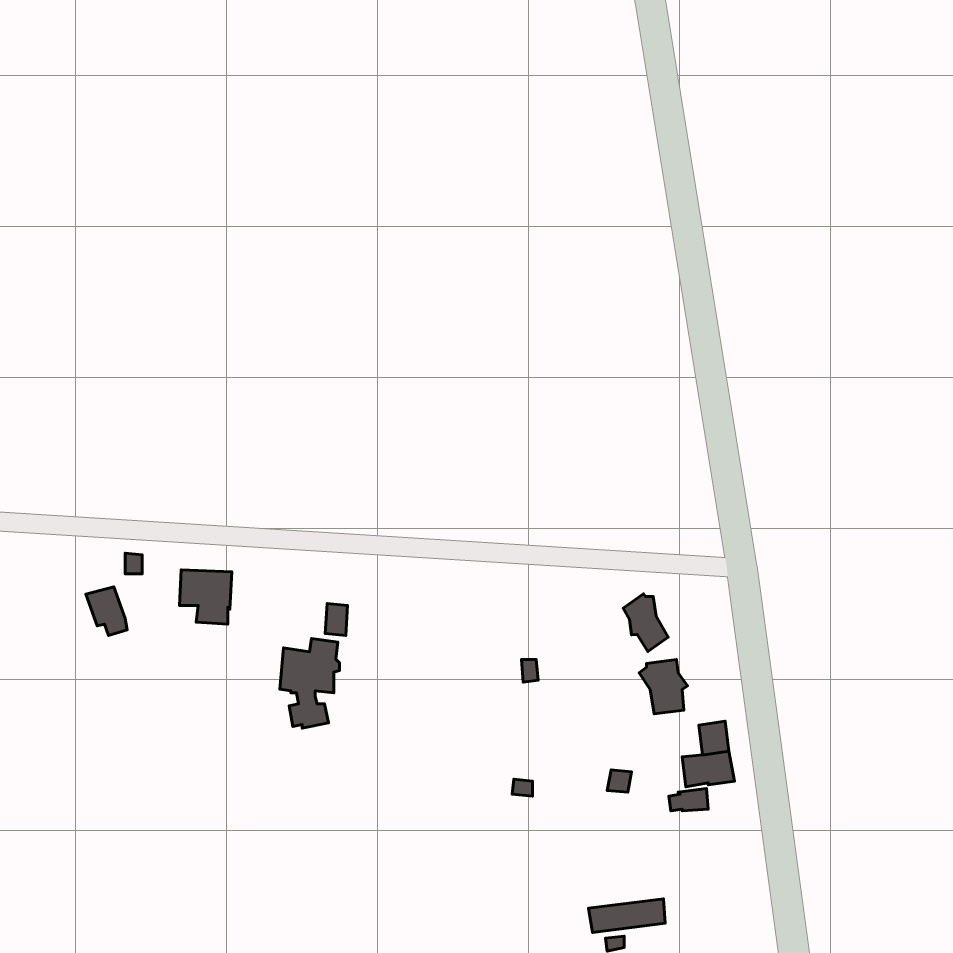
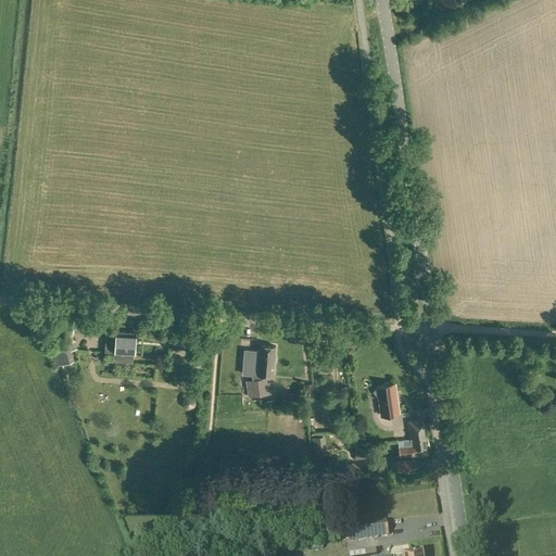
building: [623,594,668,652] -> none
building: [280,639,340,728] -> [241,345,276,397]

